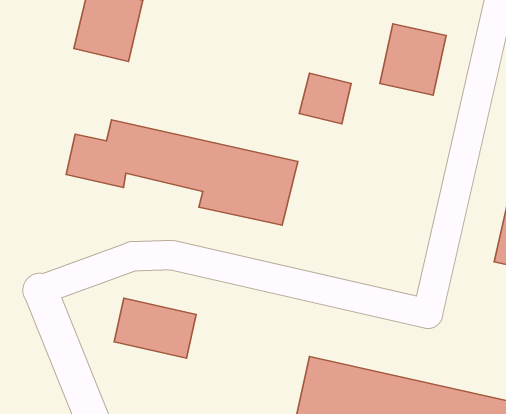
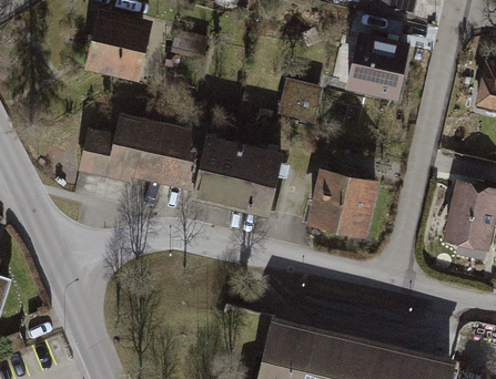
building: none -> [308,174,373,237]
building: [114,298,196,358] -> none

